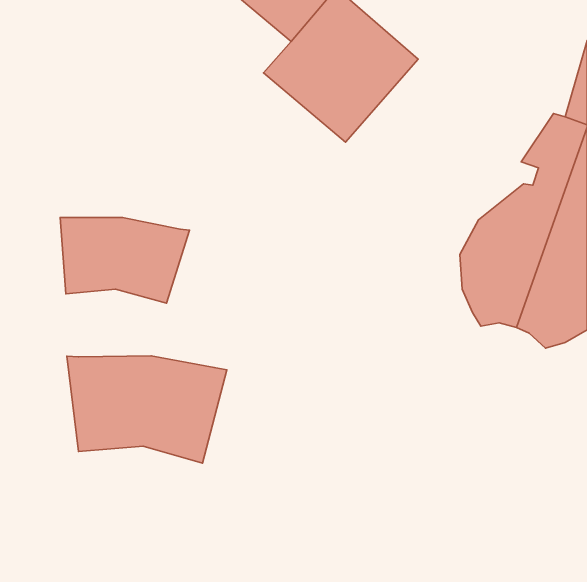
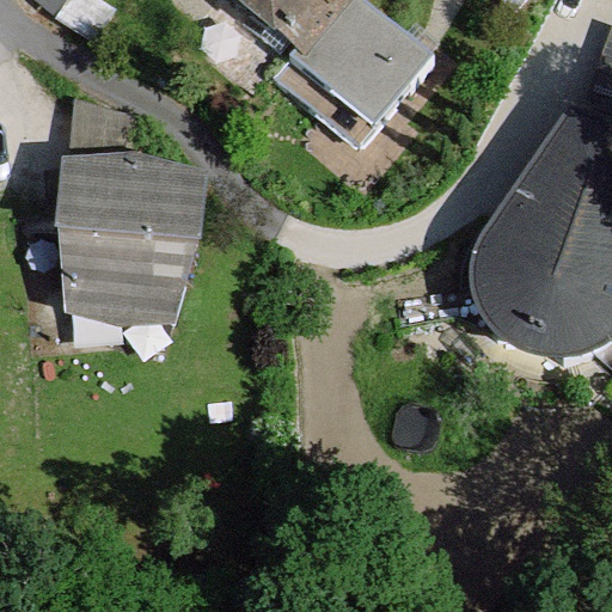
building: none -> [67,161,202,237]
building: [67,356,227,463] -> none

